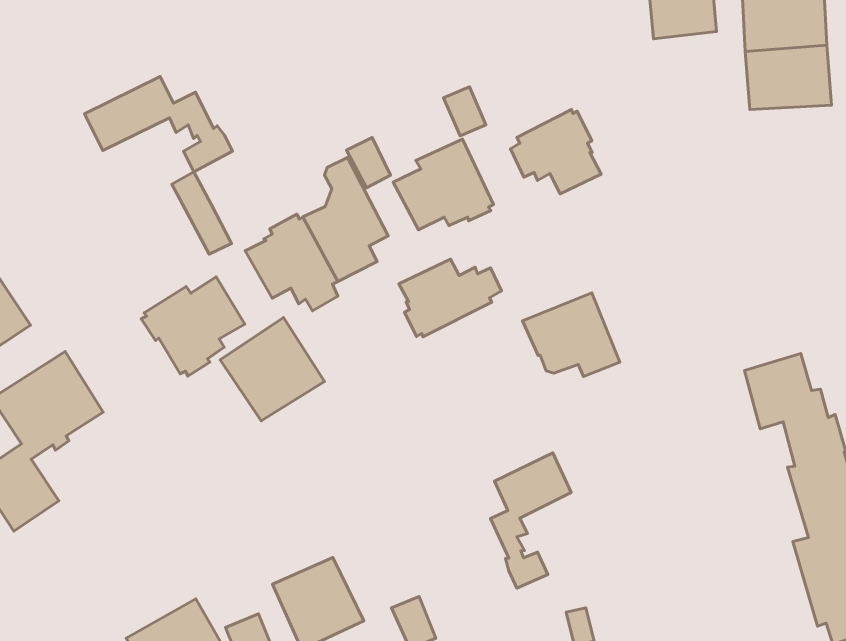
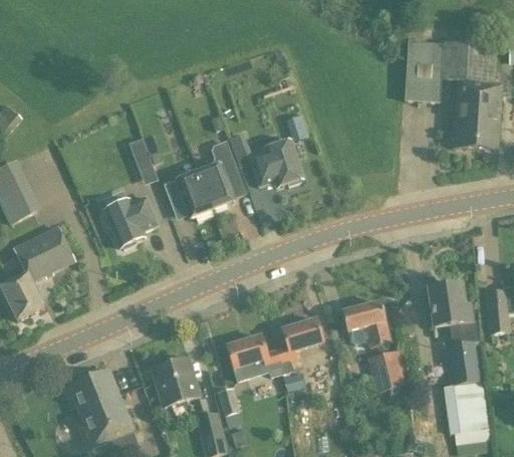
building: [85,76,233,172] -> none
building: [510,110,601,194] -> none
building: [399,259,501,337] -> none
building: [522,293,620,376] -> [341,301,392,347]
building: [220,318,325,421] -> none
building: none -> [367,349,405,392]
building: none -> [228,335,285,380]

